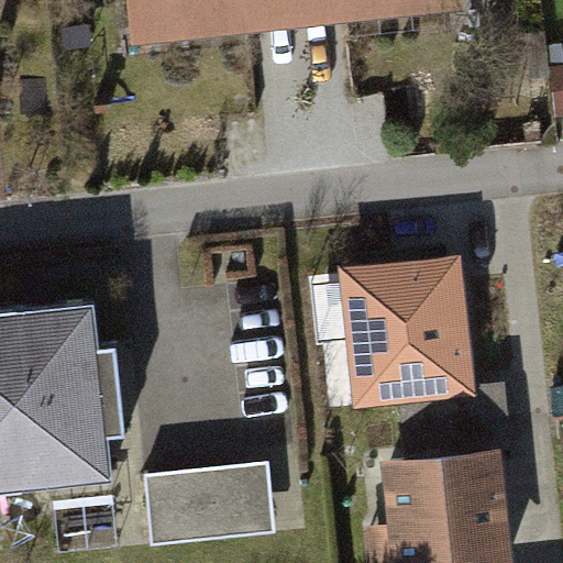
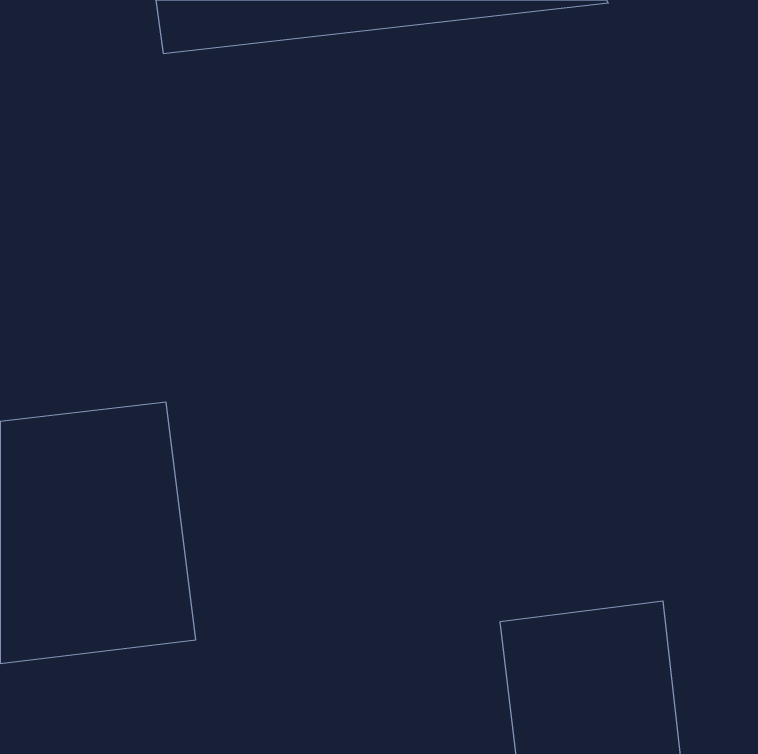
building: [332,256,472,417] -> none
building: [153,459,282,537] -> none

